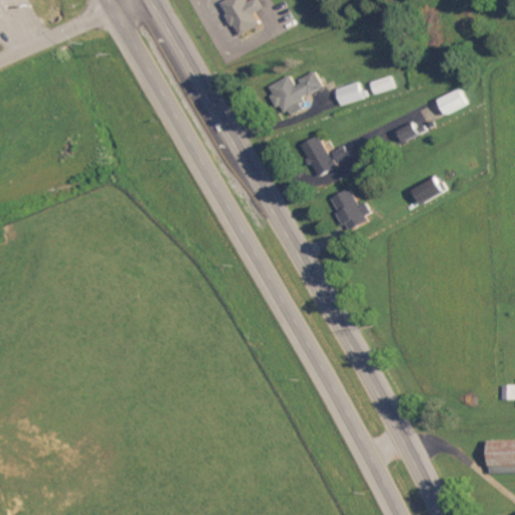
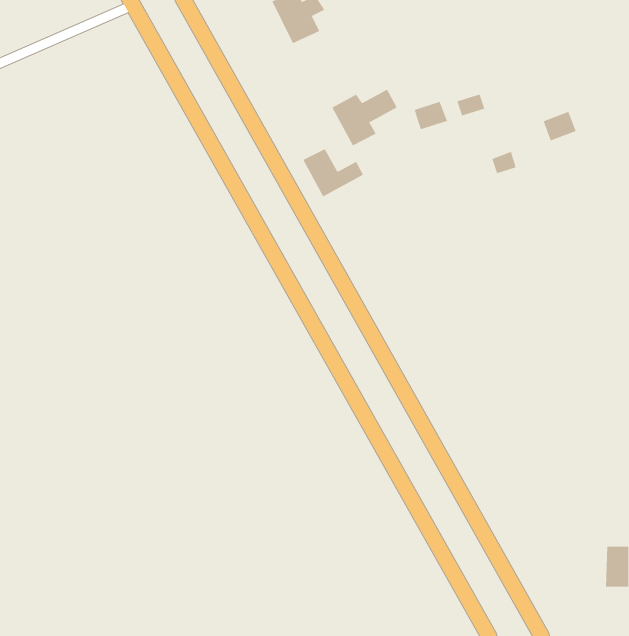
building: [300,136,349,175] -> [303,149,364,197]
building: [411,178,442,203] -> none
building: [330,189,370,231] -> none

